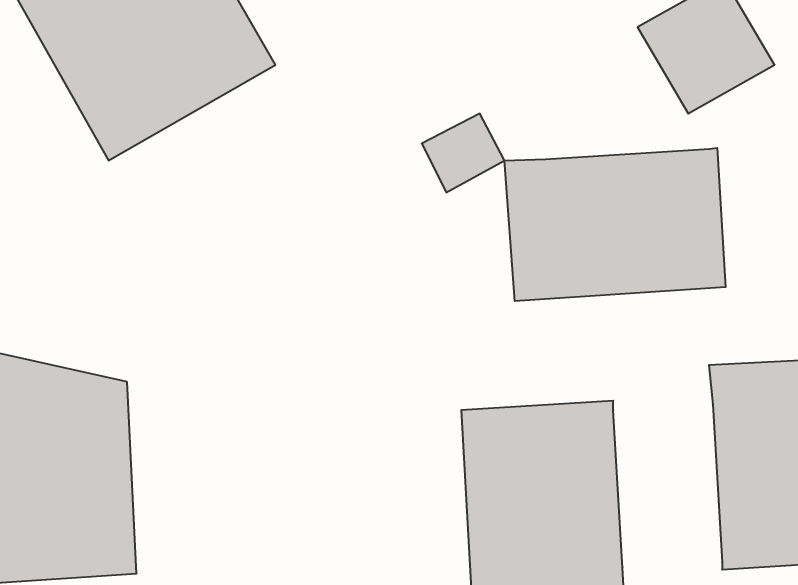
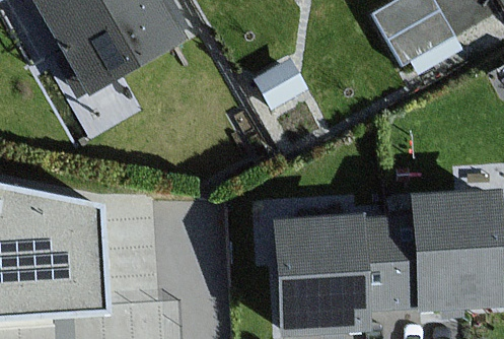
building: [504,148,726,301] -> none
building: none -> [362,220,421,309]

